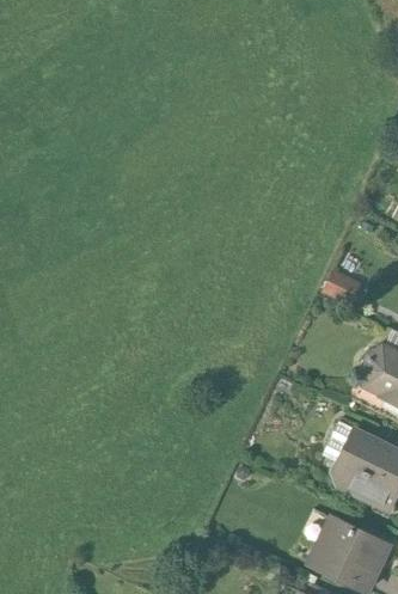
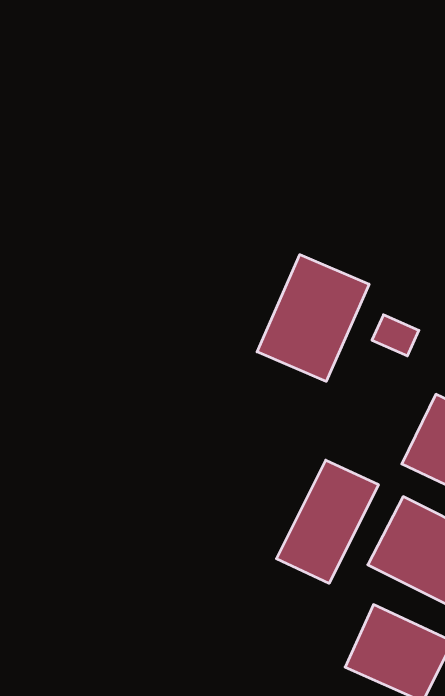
building: none -> [257,255,369,381]
building: none -> [276,460,378,583]

